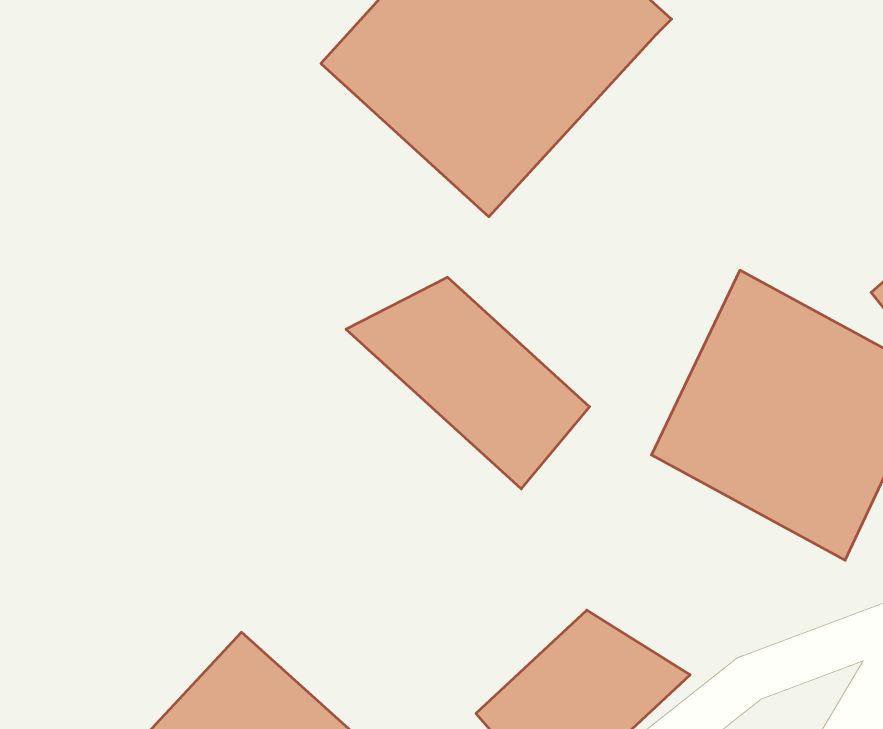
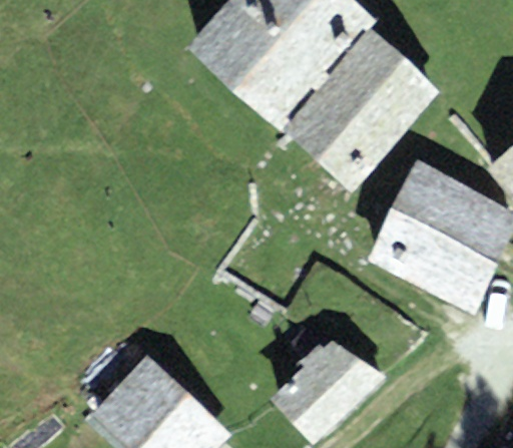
building: none -> [280,29,442,192]
building: [346,277,590,489] -> none

